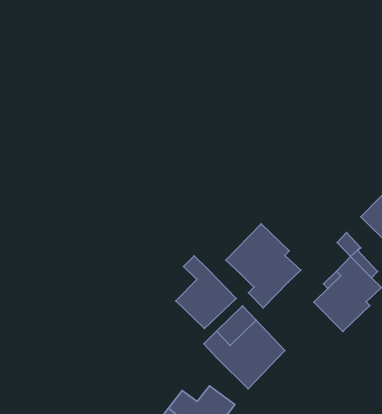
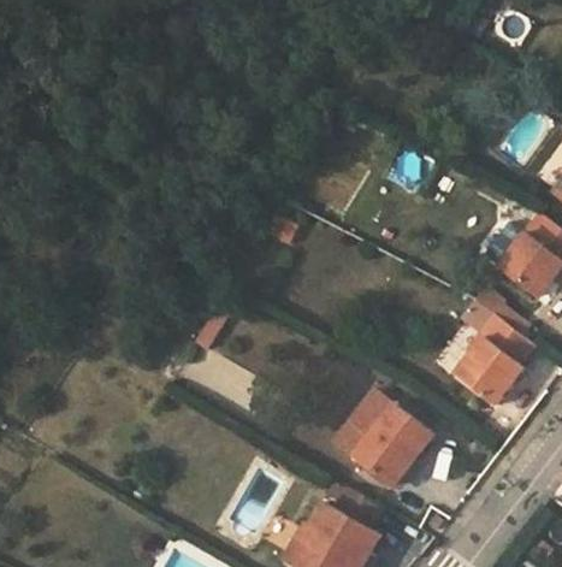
building: [226,224,301,308] -> none
building: [176,256,236,329] -> none

